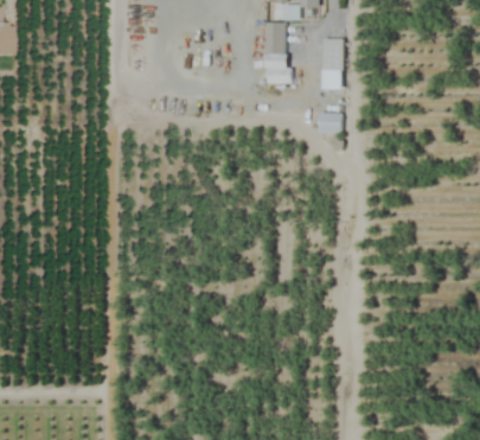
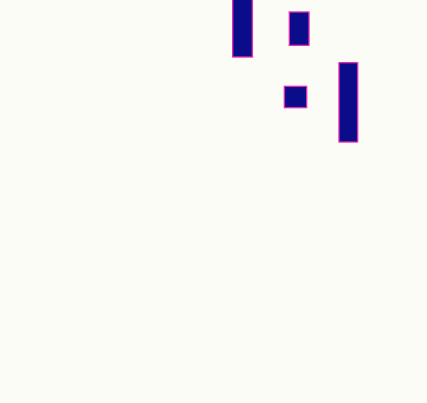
building: none -> [339,63,357,142]

